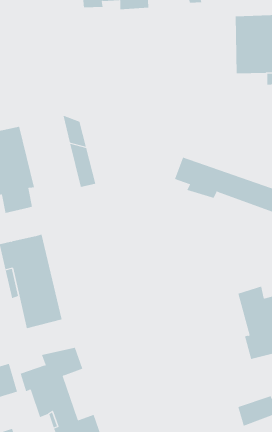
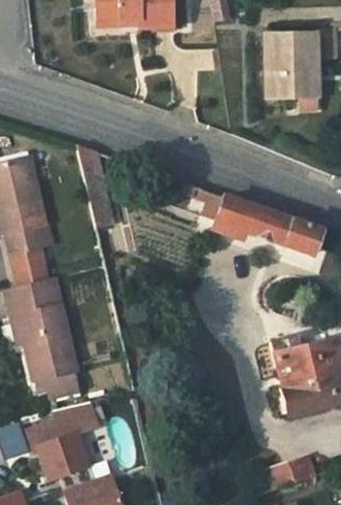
building: none -> [13,247,47,284]
building: none -> [37,371,82,400]

